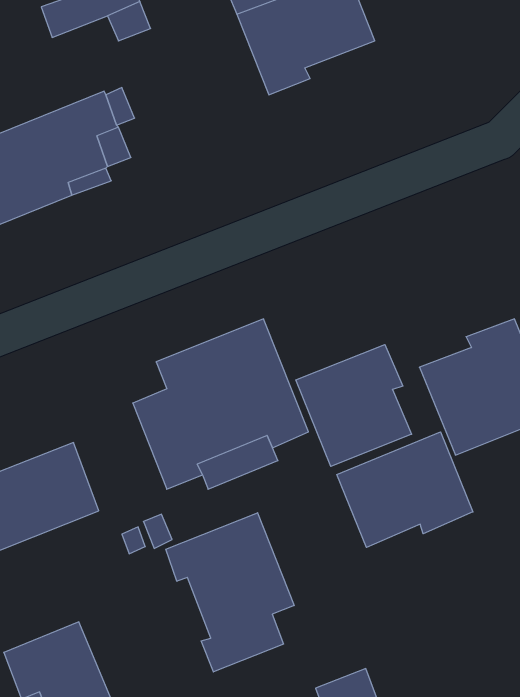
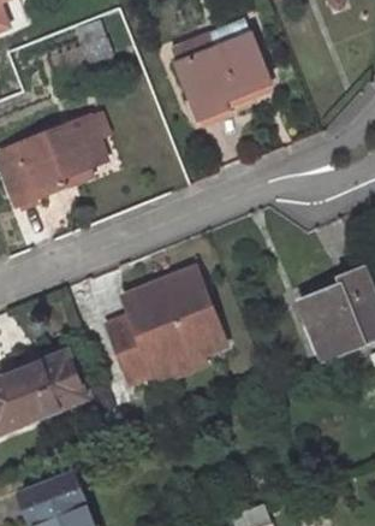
building: [296,345,412,466] -> none
building: [337,432,473,547] -> none
building: [166,513,294,672] -> none

